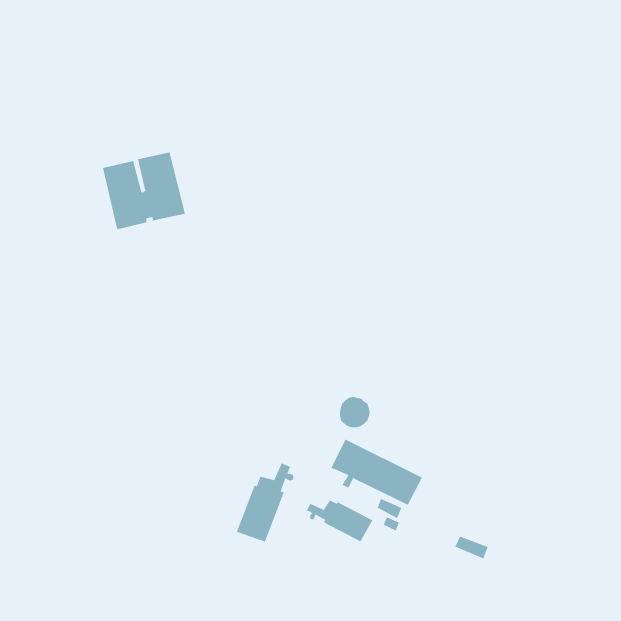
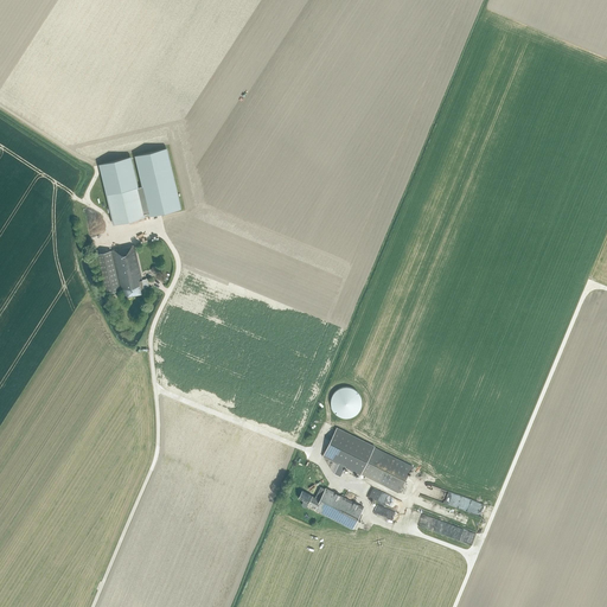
building: none -> [97,245,145,296]
building: [236,463,294,542] -> none

